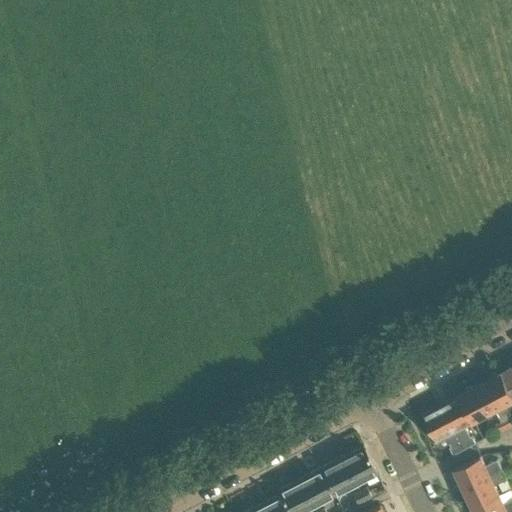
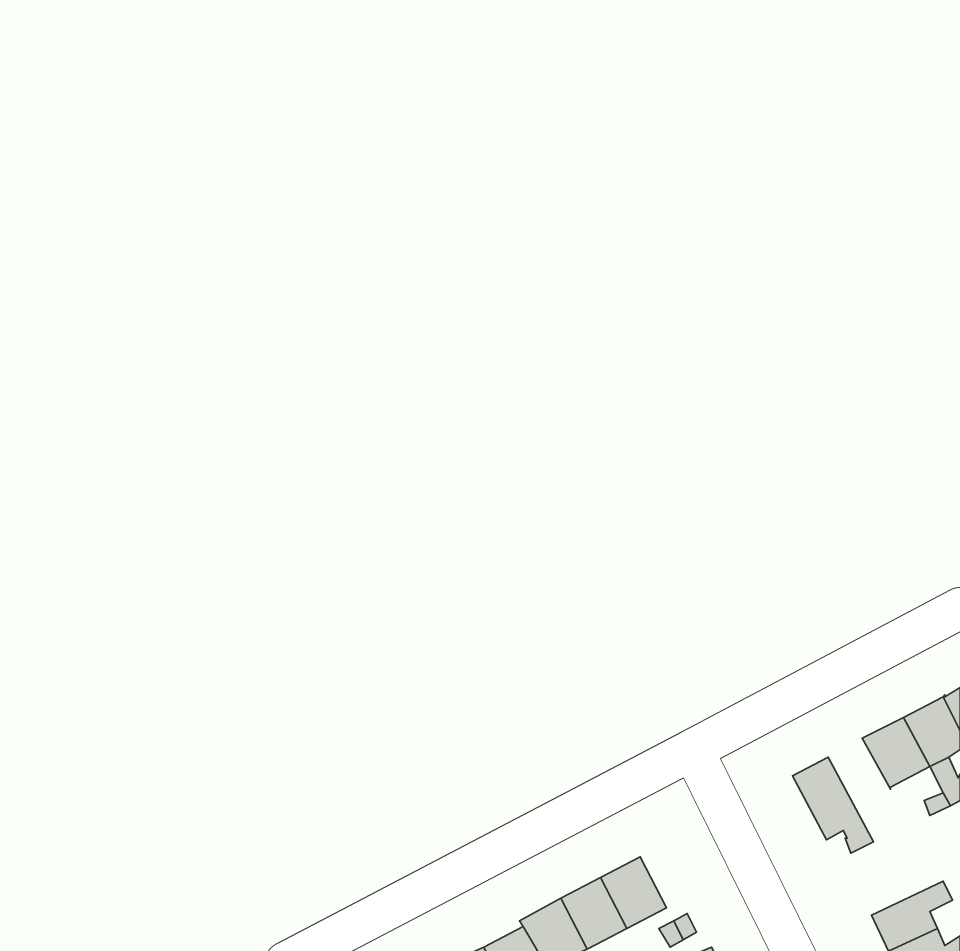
building: [440,398,475,453] -> none
building: [340,450,376,488] -> none
building: [454,460,501,492] -> none

